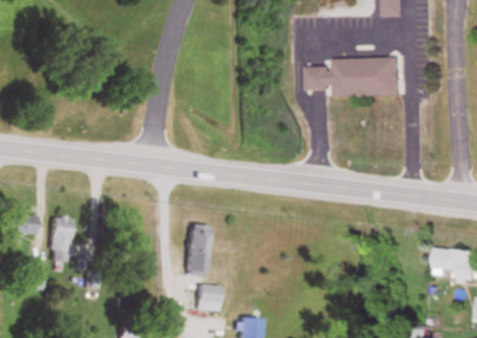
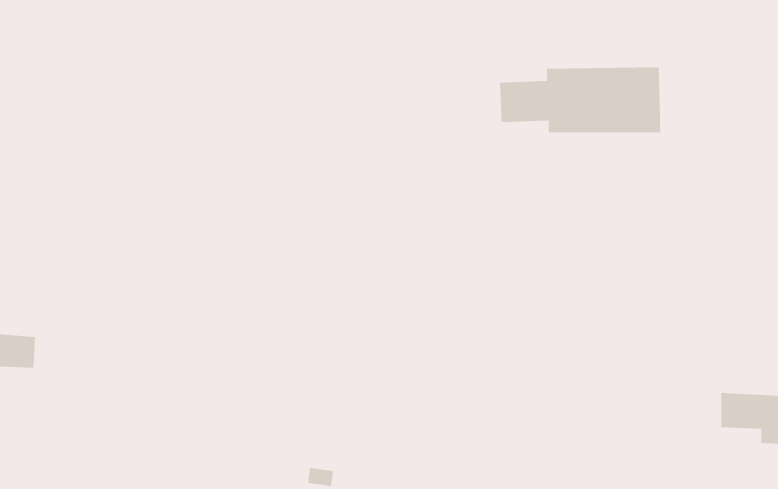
building: [52,216,73,262] -> none
building: [187,227,207,269] -> none

